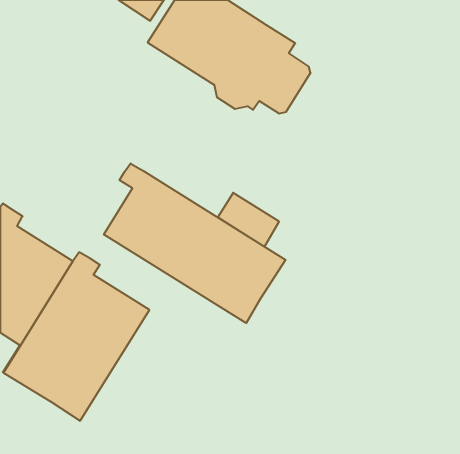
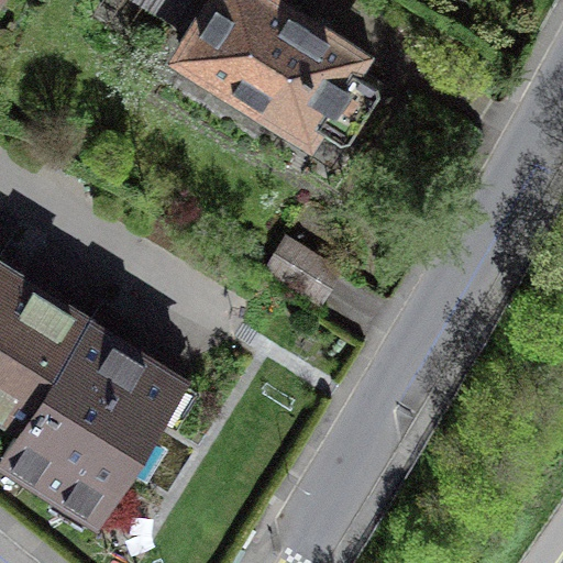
building: [104,163,286,323] -> none

